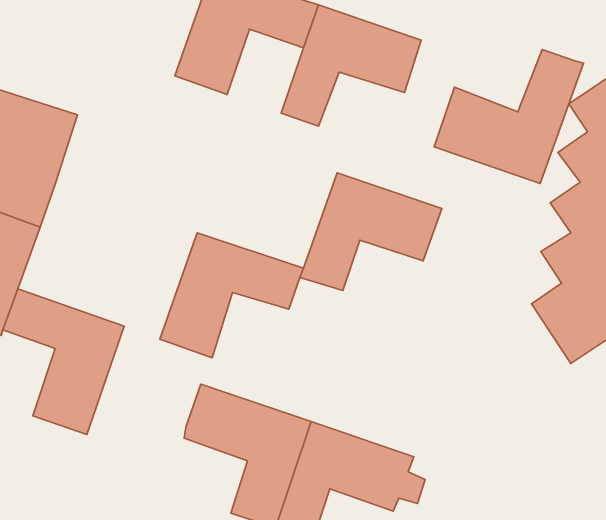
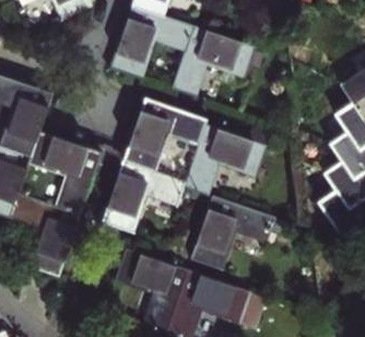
building: [434,50,583,184] -> none
building: none -> [123,98,208,182]
building: none -> [19,132,101,216]
building: none -> [191,197,275,271]

